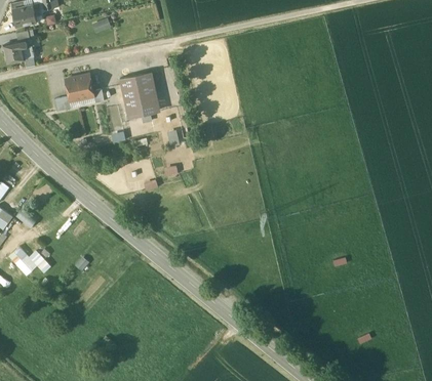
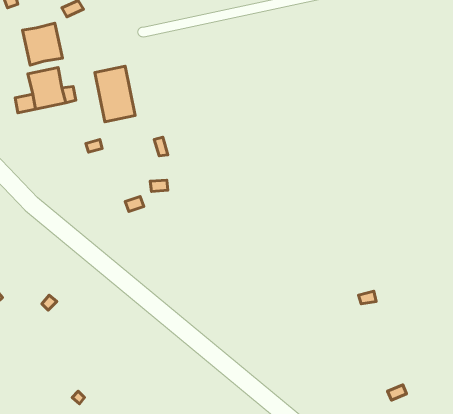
building: none -> [22,23,63,65]

